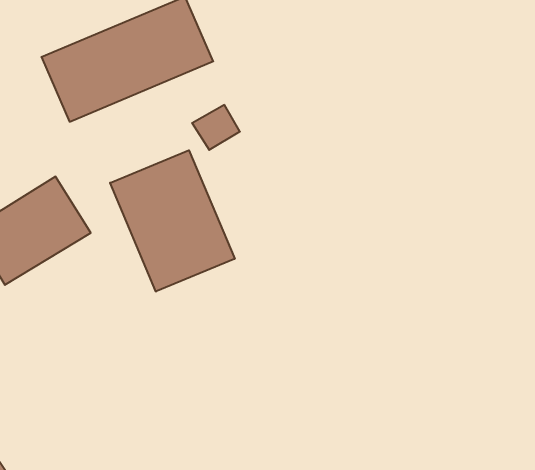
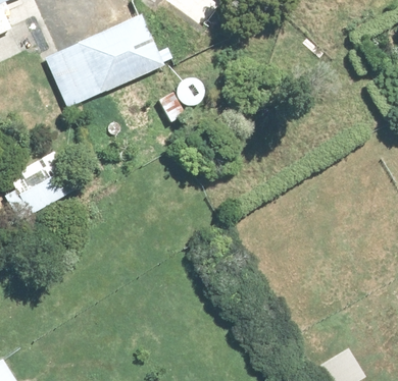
building: [110,150,235,292] -> none

